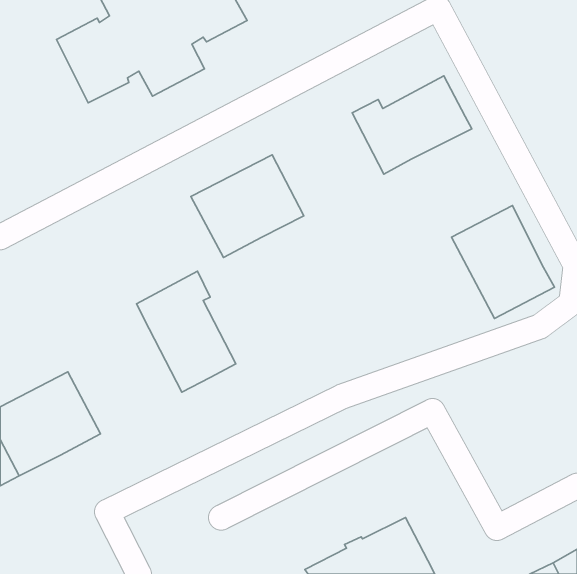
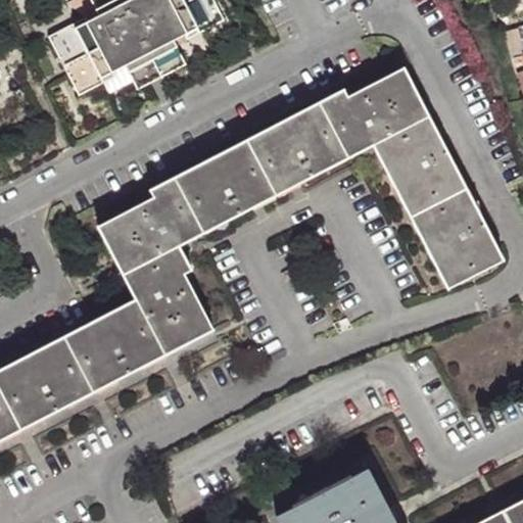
building: none -> [246,102,347,195]
building: none -> [372,116,464,215]
building: none -> [98,178,202,275]
building: none -> [61,297,164,392]

